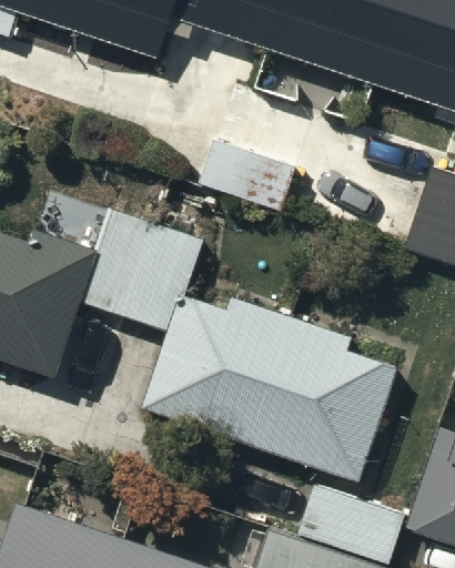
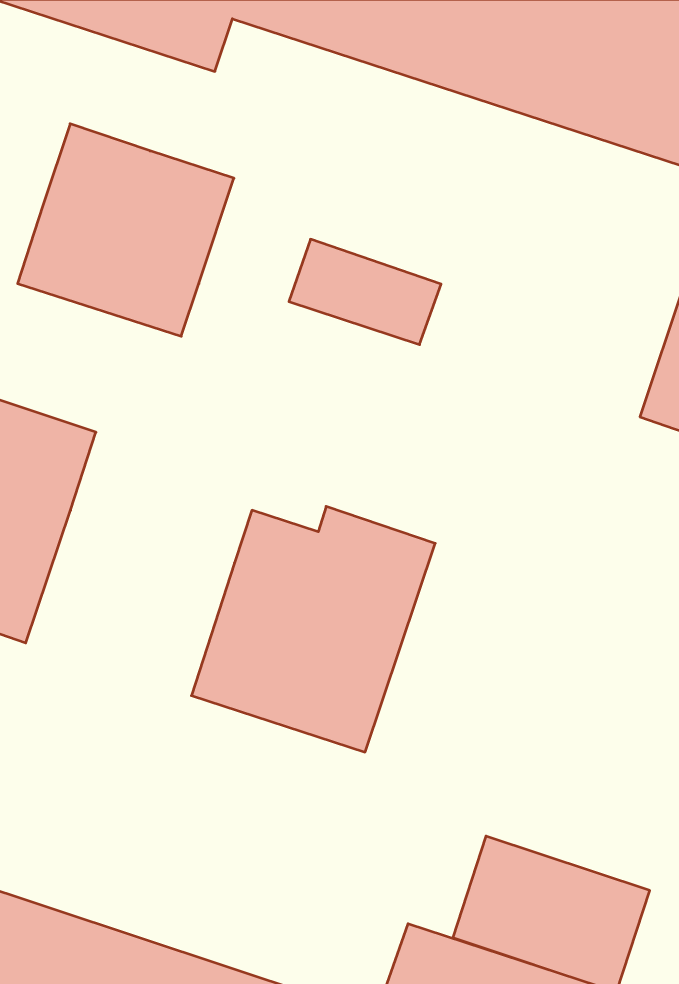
building: [79,205,202,326] -> [18,124,234,336]
building: [246,315,391,469] -> none

